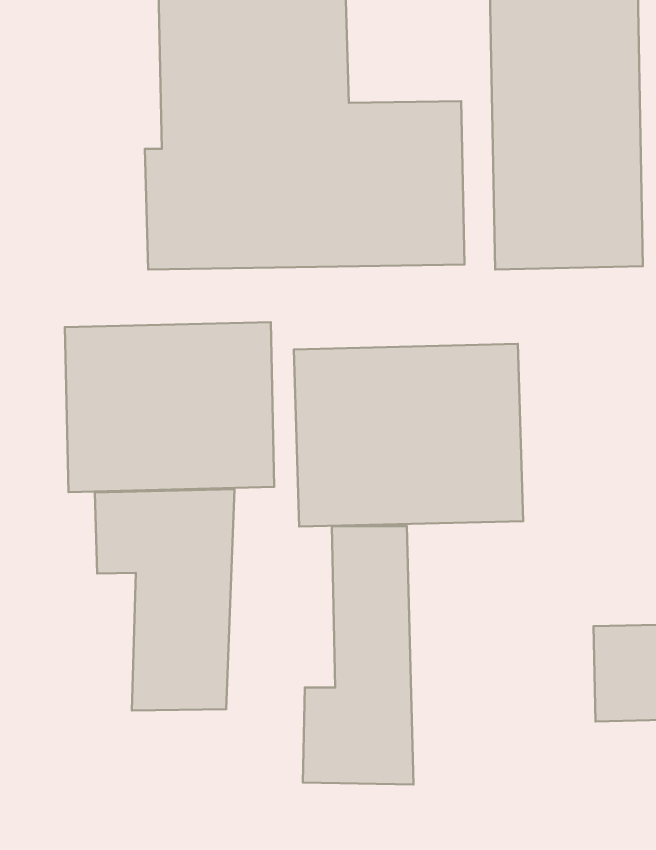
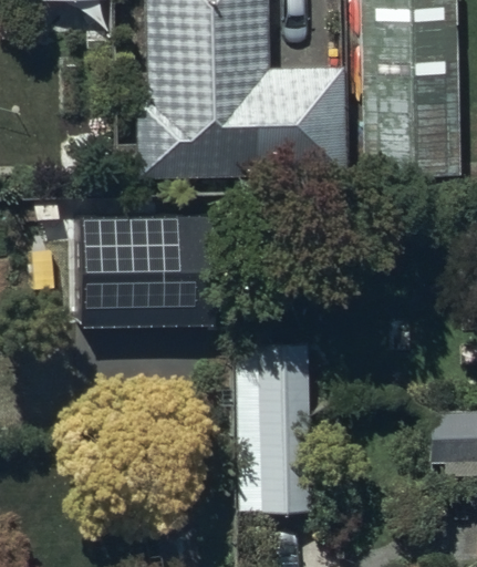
building: [294,344,523,527] -> none
building: [95,489,234,710] -> none

